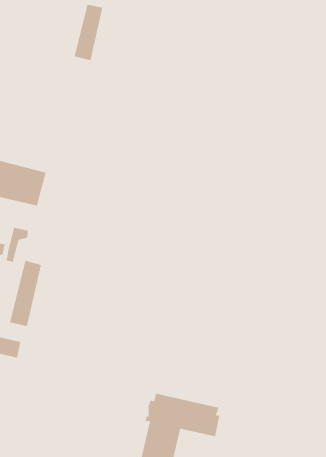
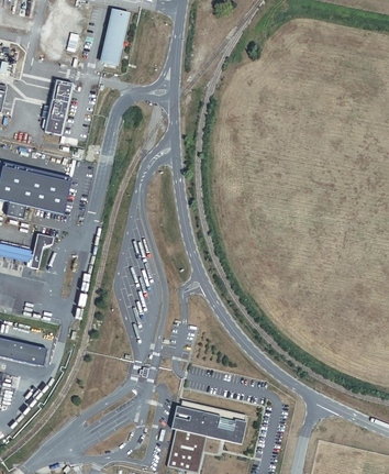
building: none -> [44,78,71,134]
building: [9,260,41,327] -> none

